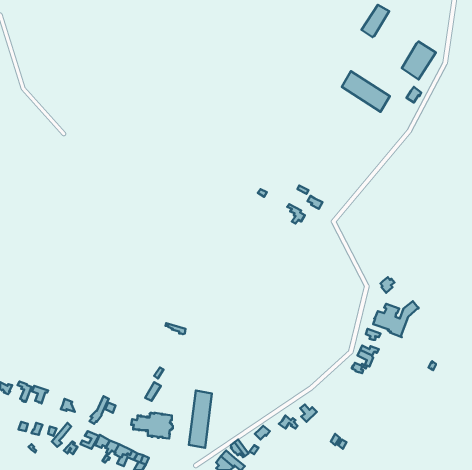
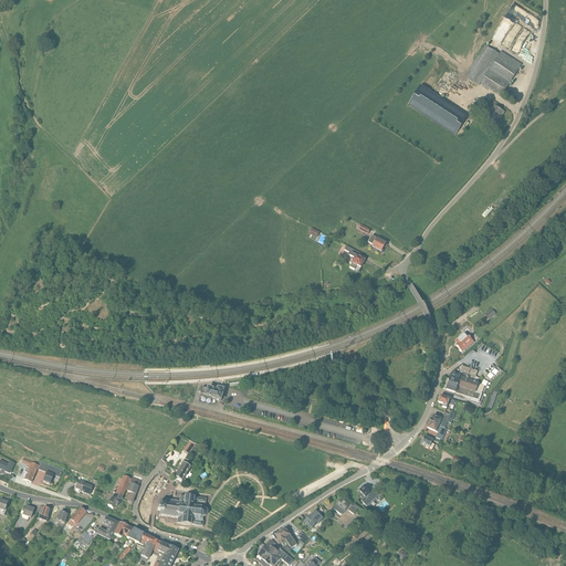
building: [361,5,389,37] -> [465,44,499,83]
building: [189,390,212,448] -> none

